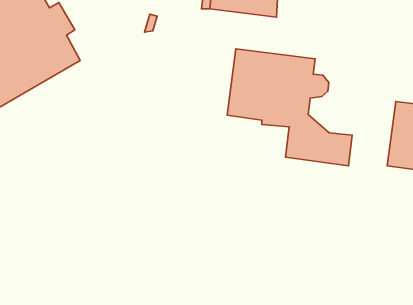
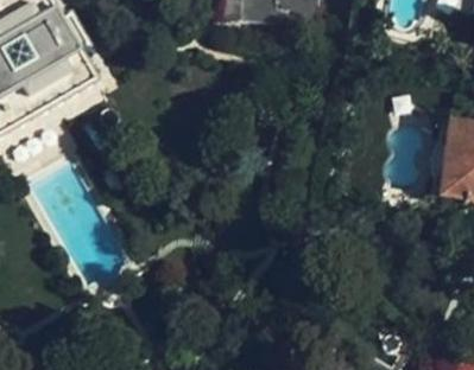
building: [227,49,352,166] -> none

